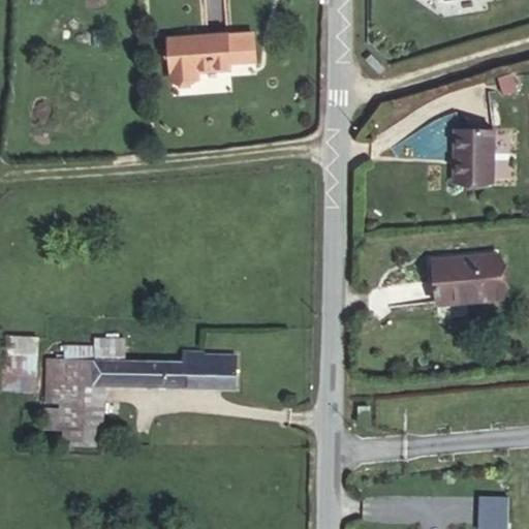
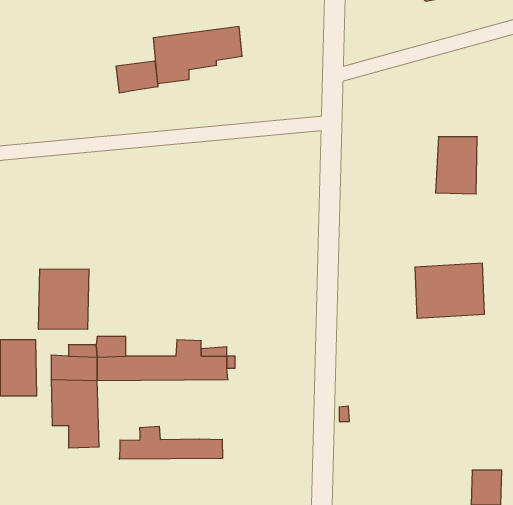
building: none -> [116,61,158,93]
building: none -> [39,269,89,329]
building: none -> [119,426,223,459]

